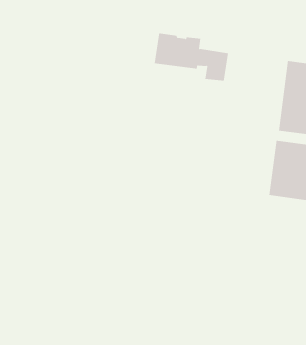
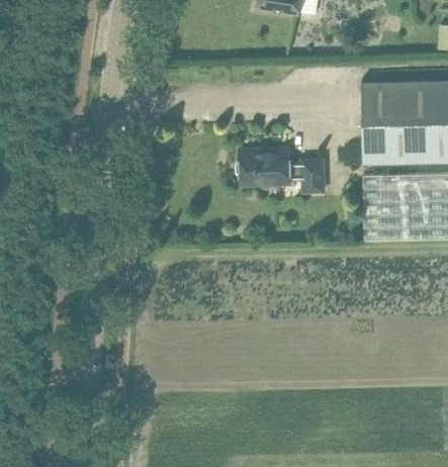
building: [154,33,229,81] -> [240,149,325,195]

